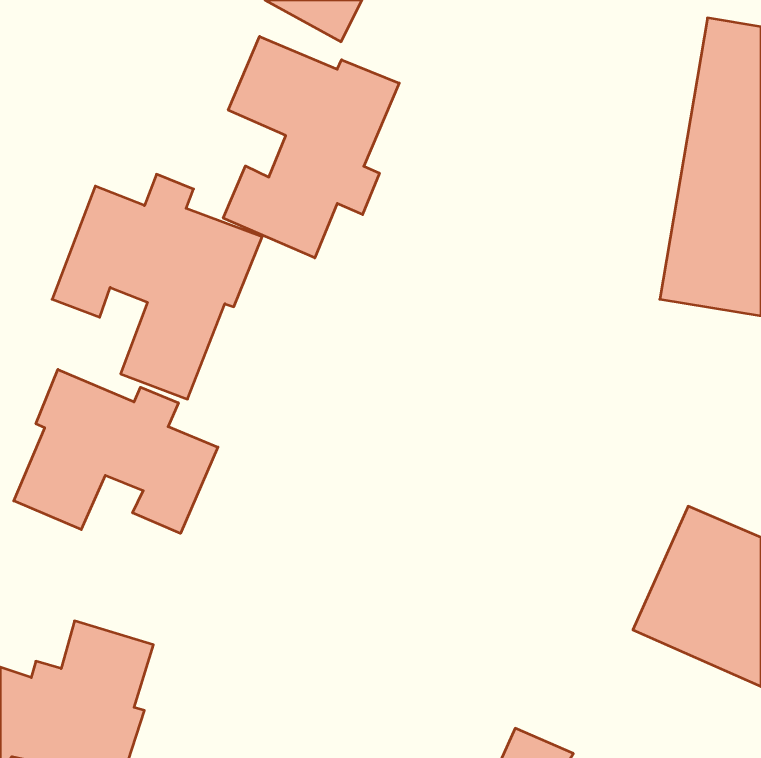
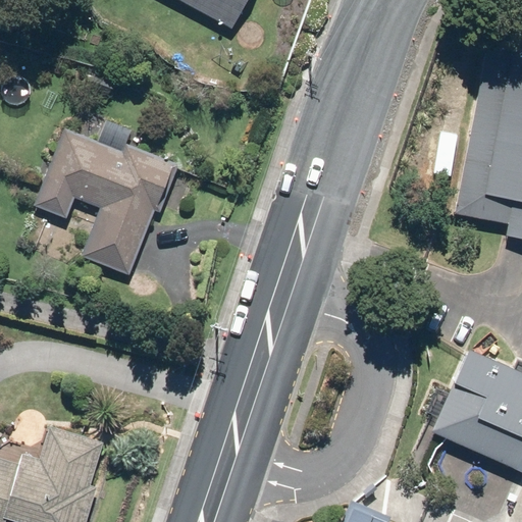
building: [223,36,399,258] -> none
building: [14,369,218,533] -> none

